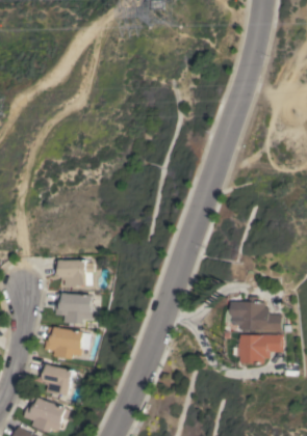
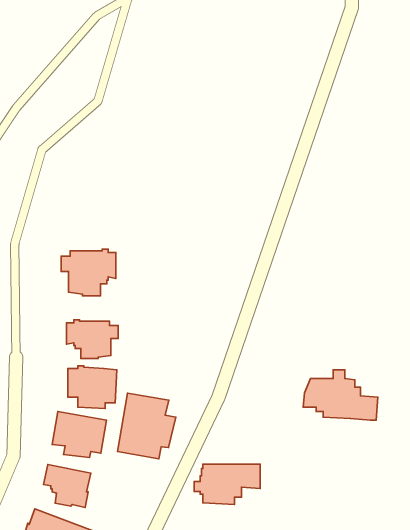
building: none -> [61,249,116,296]
building: none -> [118,393,176,459]
building: [234,335,282,364] -> [194,464,260,504]

